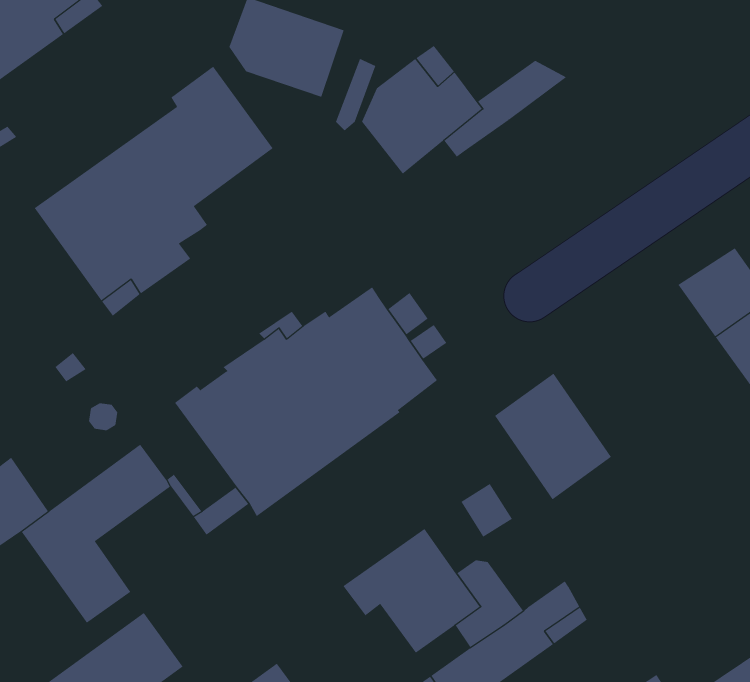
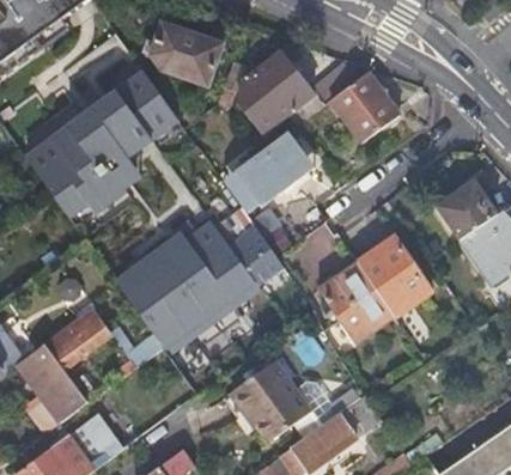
building: none -> [329,72,399,142]
building: none -> [223,132,315,214]
building: none -> [358,237,432,316]

